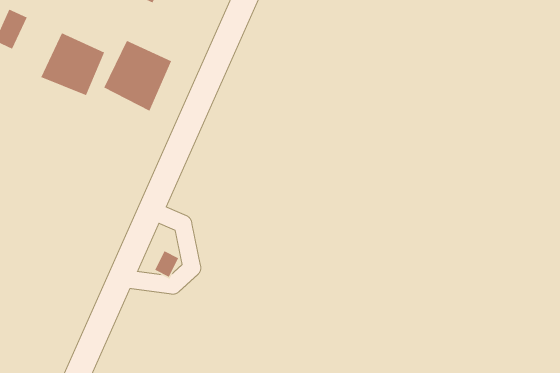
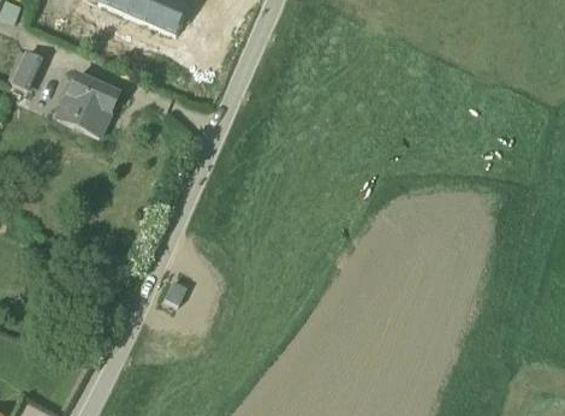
building: [103,40,172,112] -> none

